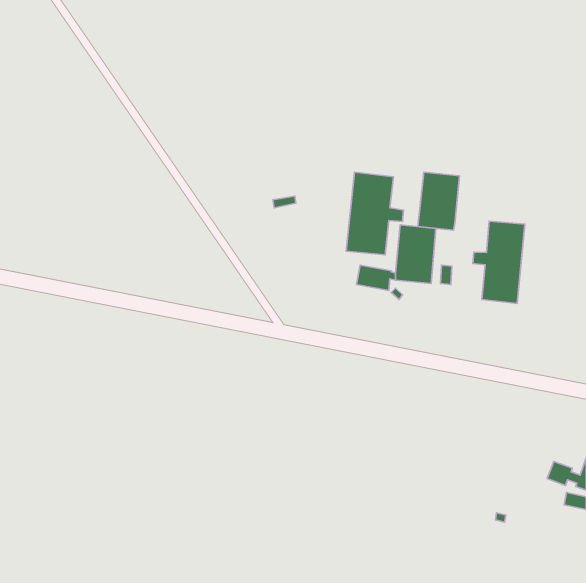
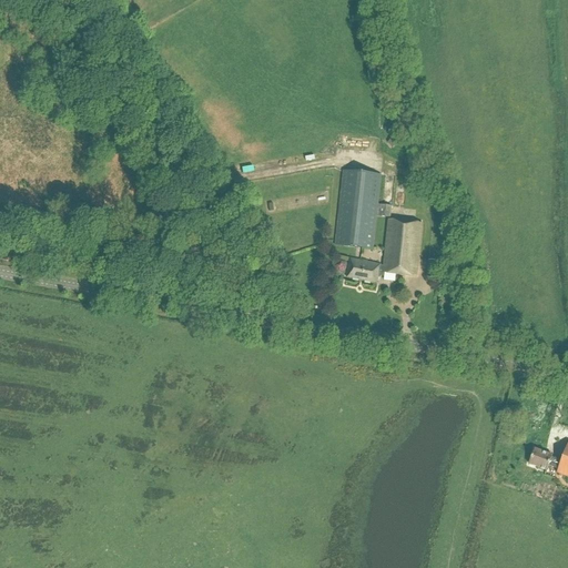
building: [418,172,460,230] -> none
building: [473,221,525,303] -> none

